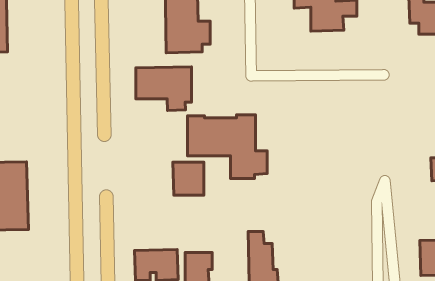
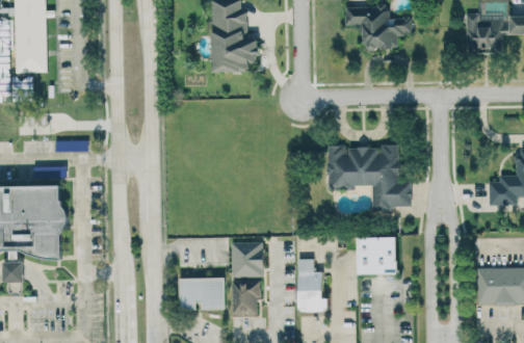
building: [136,67,192,111] -> none
building: [187,115,267,179] -> [328,144,411,211]
building: [173,162,204,195] -> [231,242,263,276]
building: none -> [359,237,398,274]

